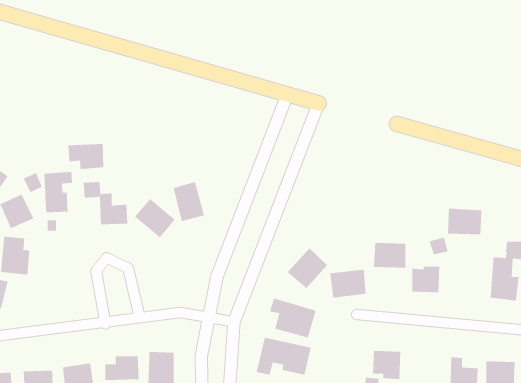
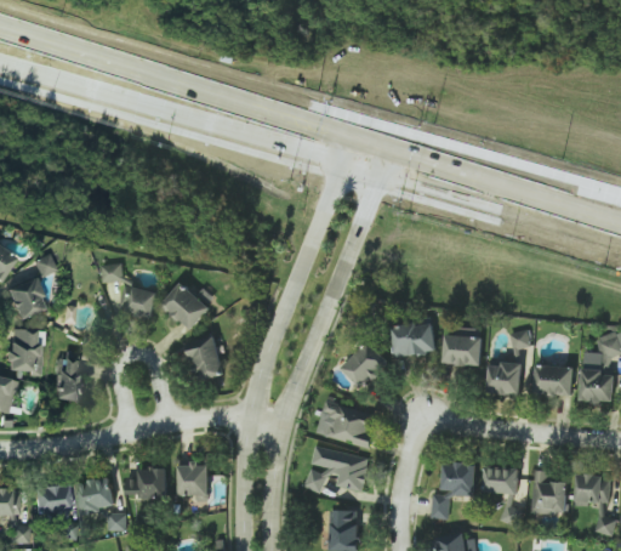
building: [68,143,104,170] -> none
building: [44,171,72,213] -> none
building: [173,182,205,222] -> [187,335,224,382]
building: [447,208,482,235] -> [532,365,574,397]
building: none -> [52,350,85,403]
building: [329,269,367,298] -> [392,323,435,357]
building: none -> [483,468,518,494]

